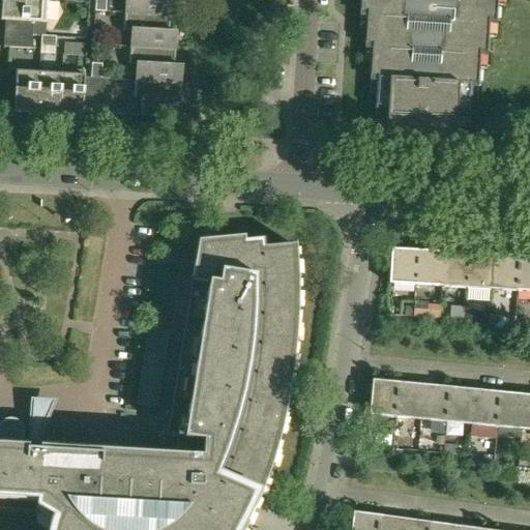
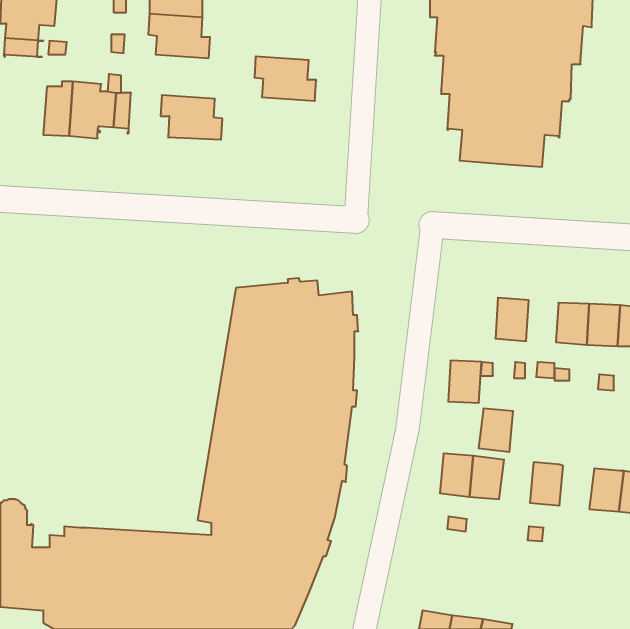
building: [130,46,182,83] -> [254,56,316,101]
building: [14,70,40,113] -> none
building: [390,248,418,284] -> [448,361,481,403]
building: [442,252,469,287] -> none
building: [419,385,448,421] -> [479,409,513,452]
building: [470,390,499,426] -> none

